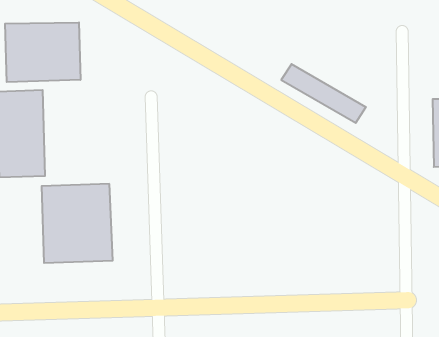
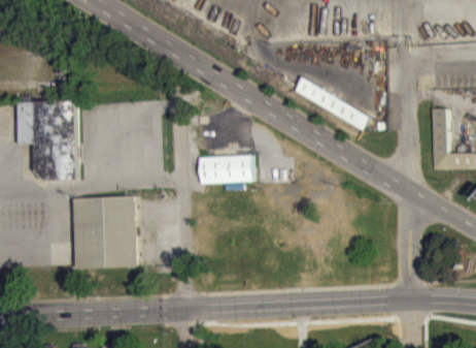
building: [5,22,80,82] -> none
building: none -> [198,155,250,184]

